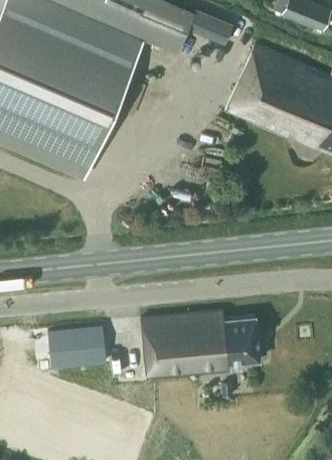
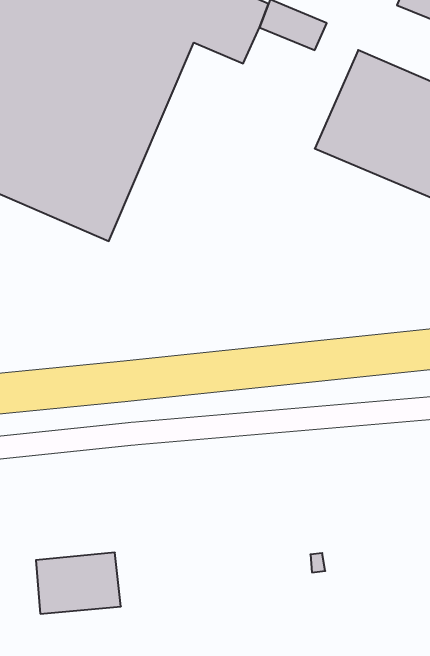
building: [142,311,261,378] -> none
building: [49,326,107,367] -> [36,553,121,614]

